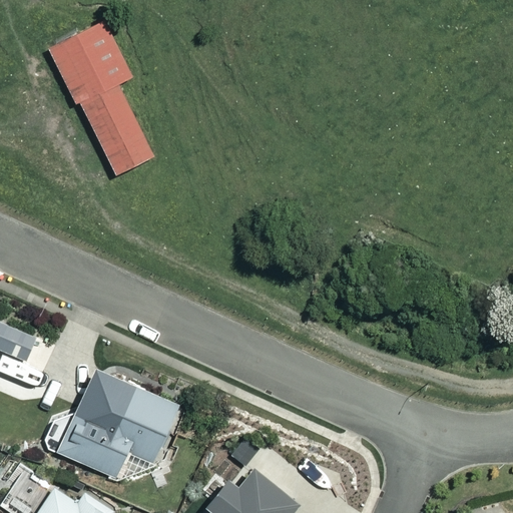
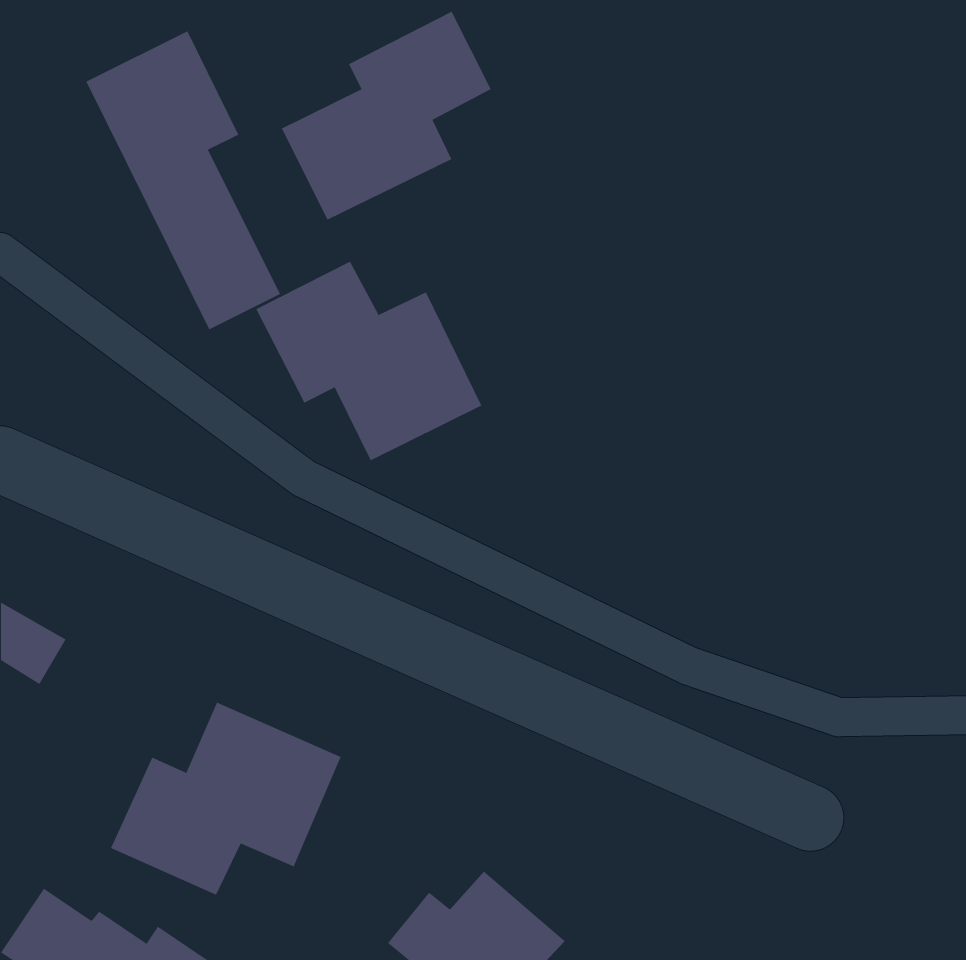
building: none -> [281,11,492,221]
building: none -> [256,261,482,461]

